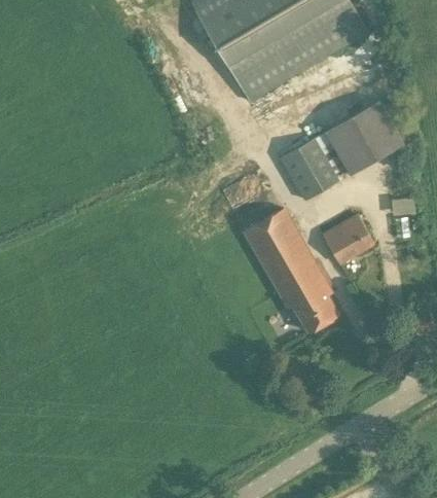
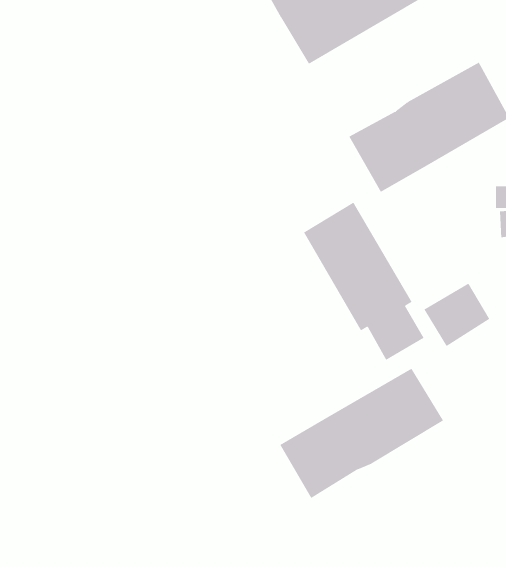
building: [323,214,374,263] -> [424,283,490,347]
building: none -> [280,368,444,499]

